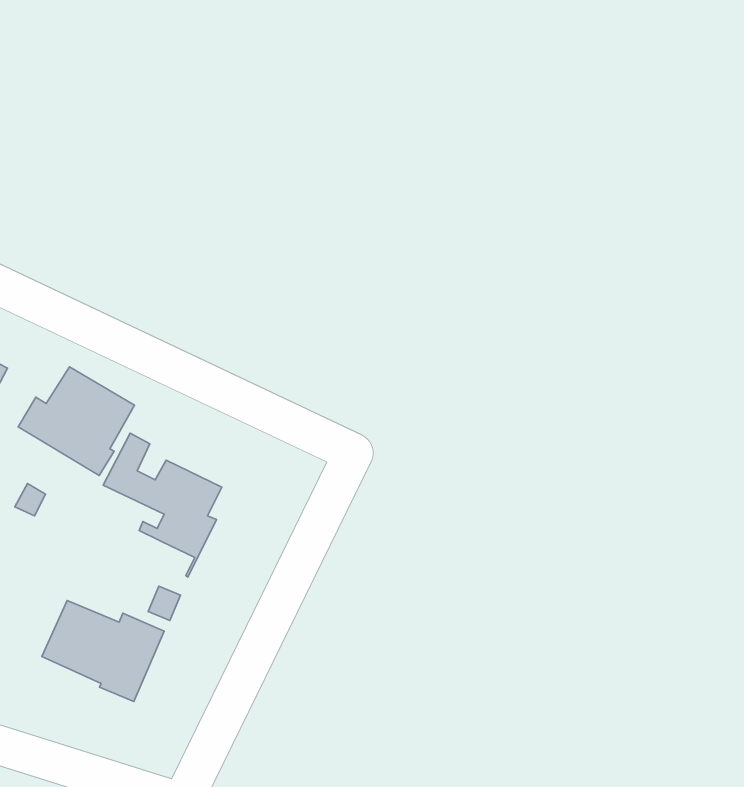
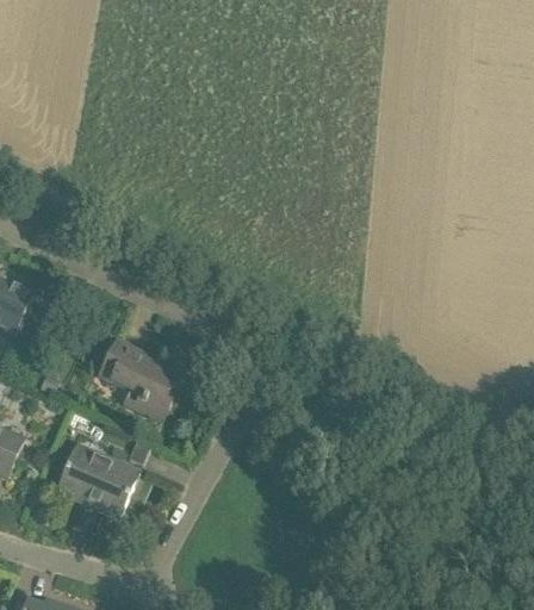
building: [18,367,135,475] -> none

